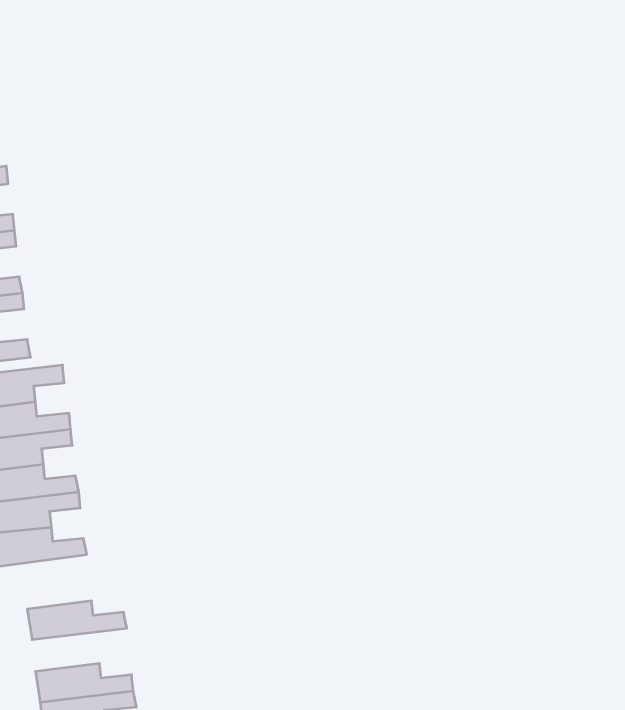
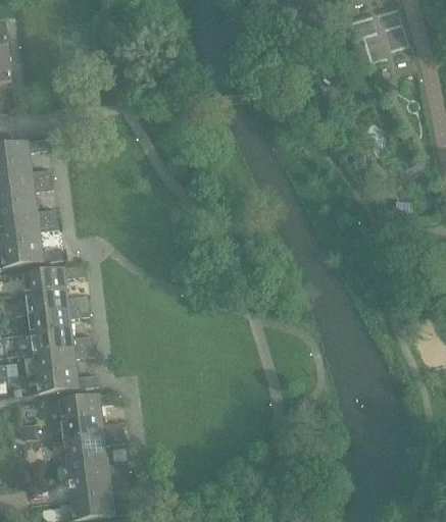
building: none -> [57,389,118,418]
building: none -> [62,430,123,458]

